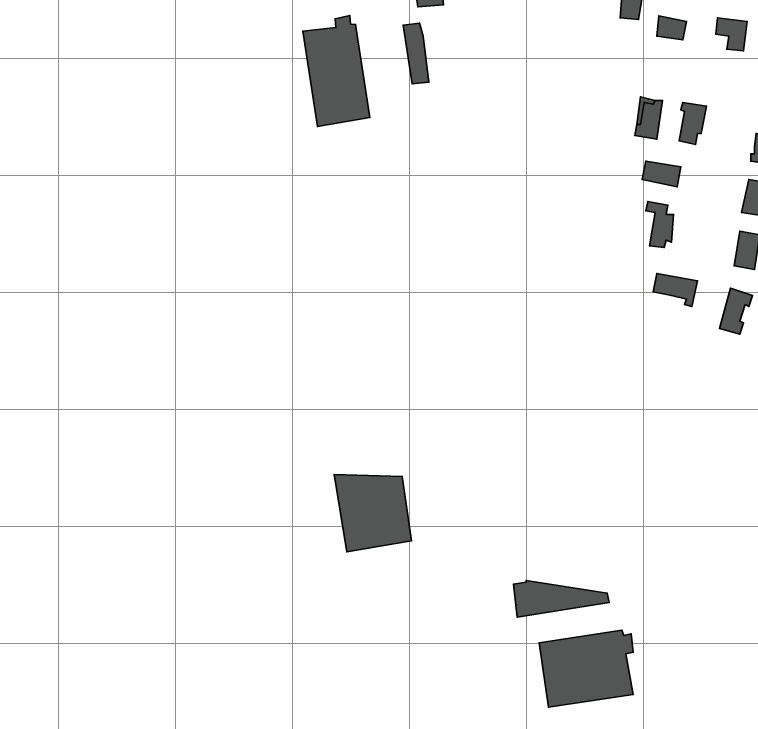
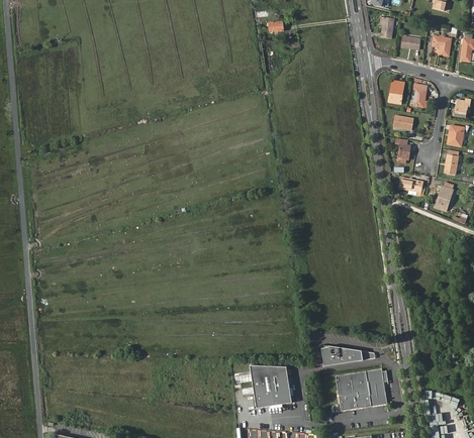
building: [303,16,370,126] -> none
building: [334,475,411,552] -> [250,365,292,408]

